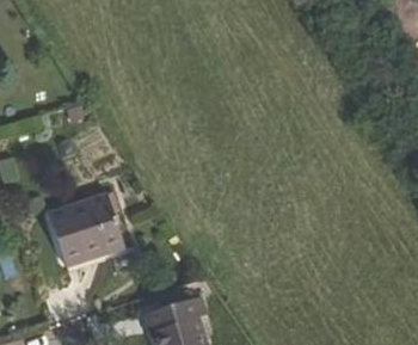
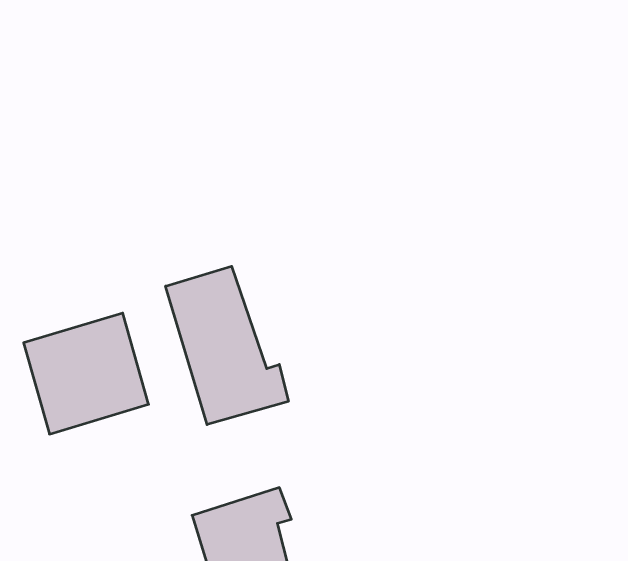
building: none -> [166,266,288,425]

